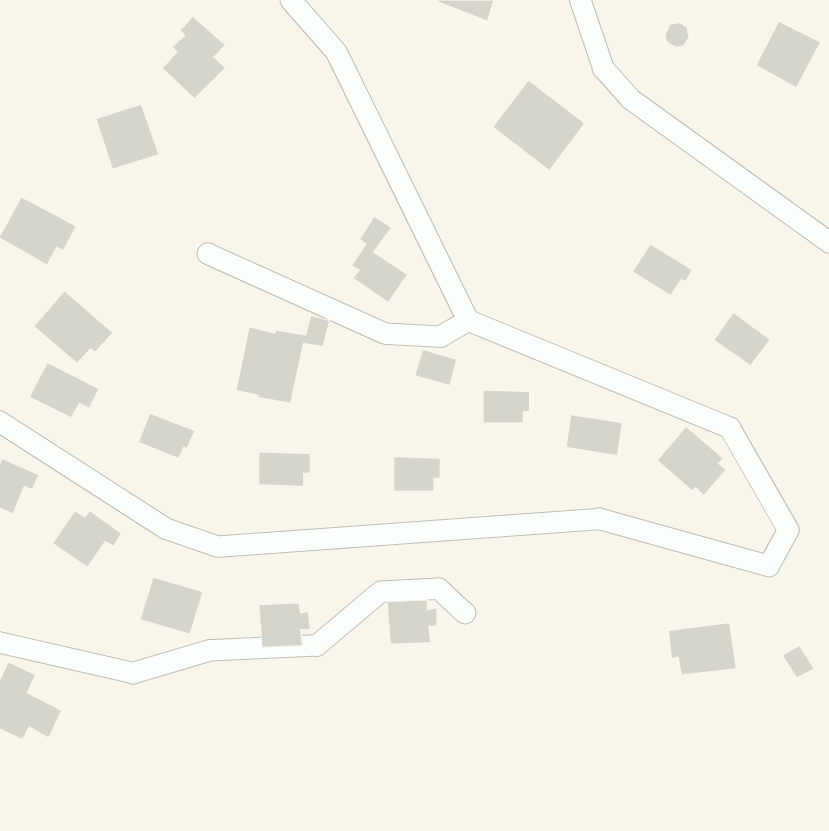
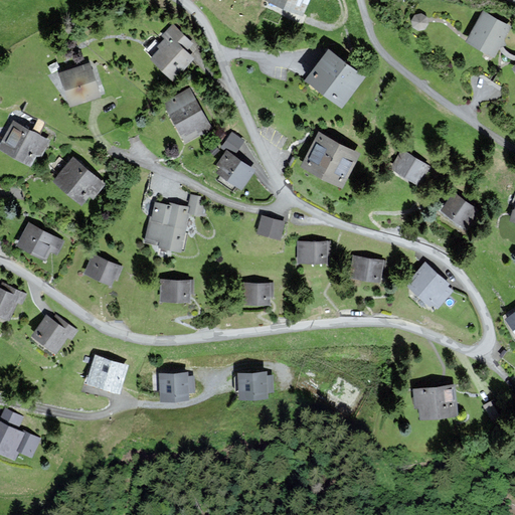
building: [162,16,225,99] -> [152,26,191,77]
building: none -> [165,91,209,140]
building: none -> [302,134,357,185]
building: [33,290,113,364] -> [53,158,103,203]

